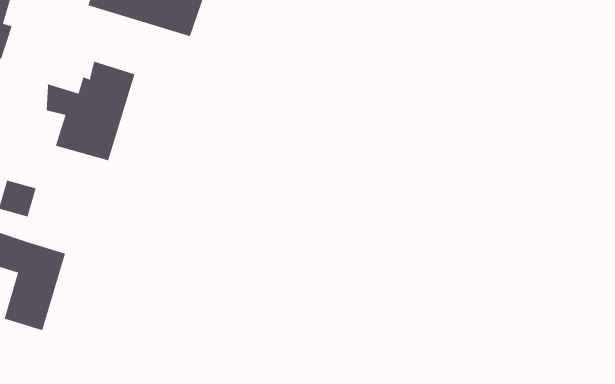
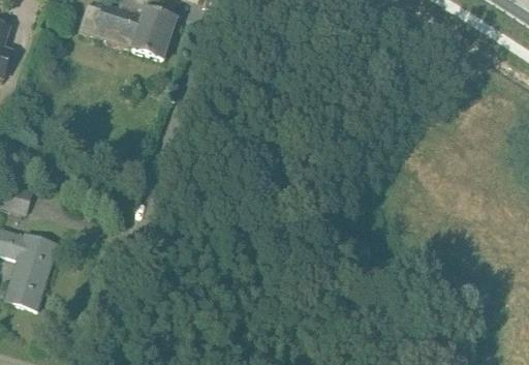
building: [46,61,135,161] -> none

